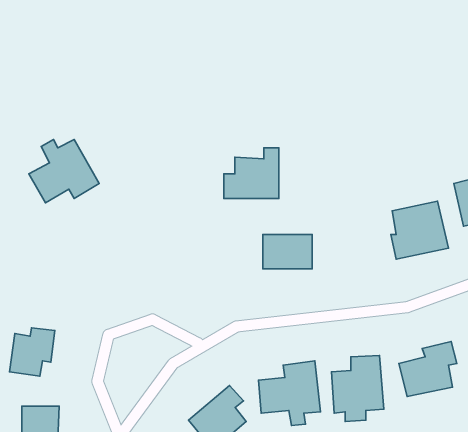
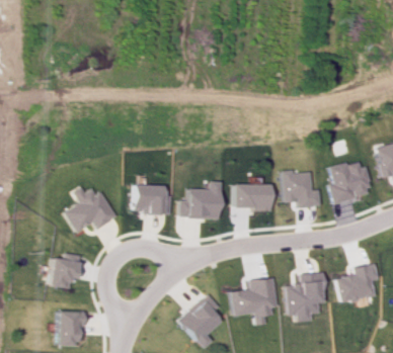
building: [29,139,99,203] -> [65,186,116,233]
building: [224,148,279,199] -> [181,181,222,218]
building: none -> [283,171,321,207]
building: none -> [135,184,172,214]

